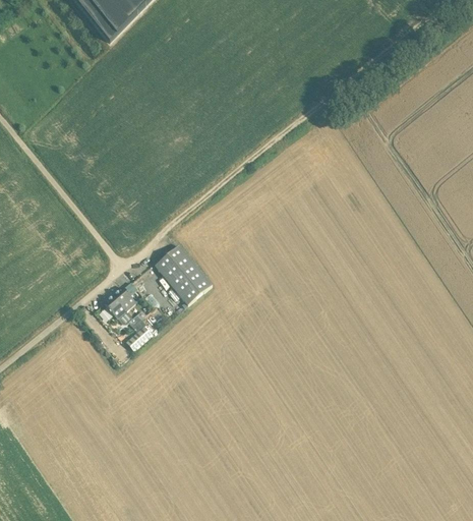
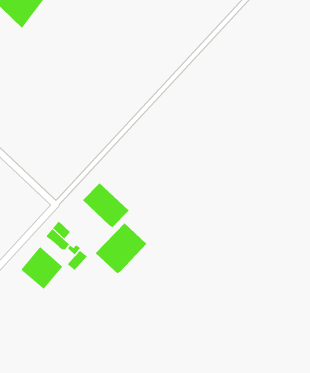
building: none -> [95,223,147,274]
building: none -> [20,246,63,290]

